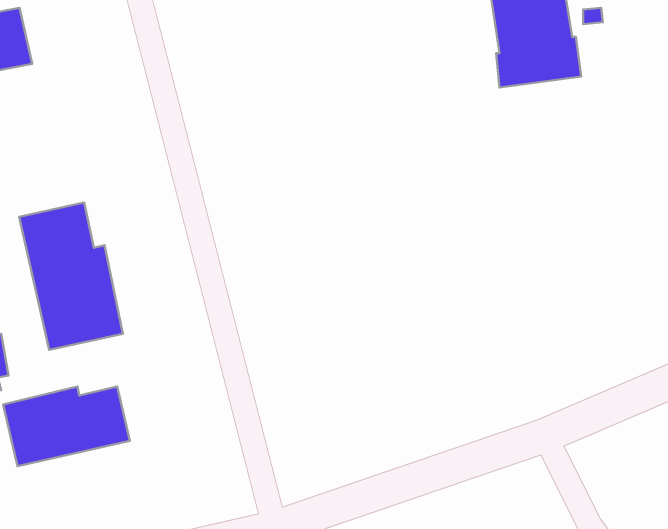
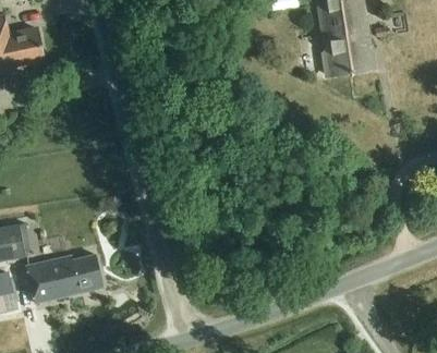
building: [19,203,123,350] -> none

